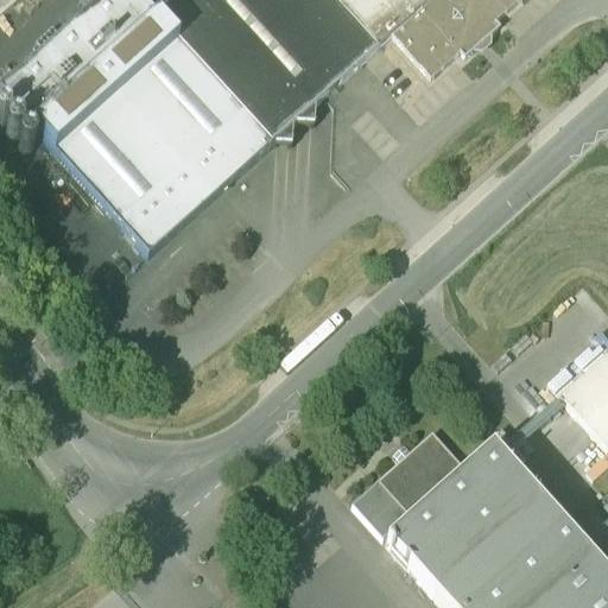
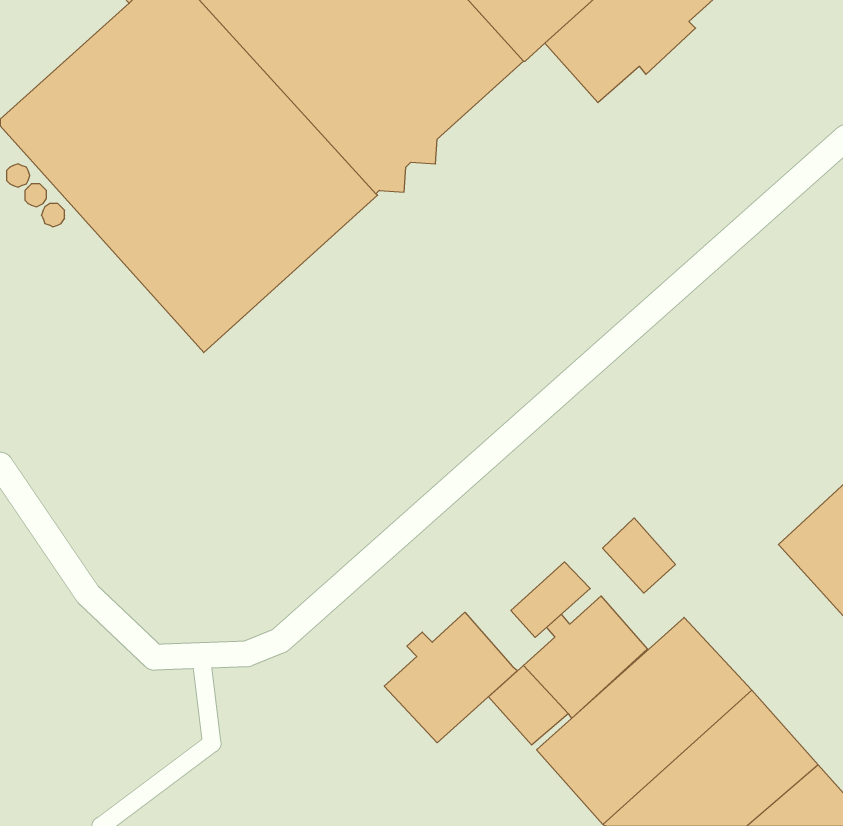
building: none -> [603,518,675,593]
building: none -> [511,562,590,637]
building: none -> [384,612,518,743]

